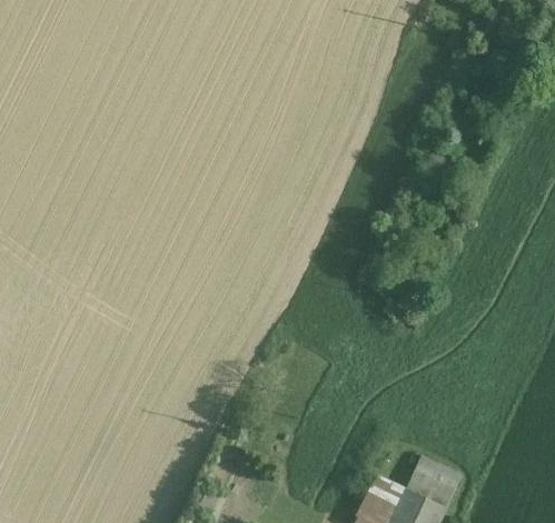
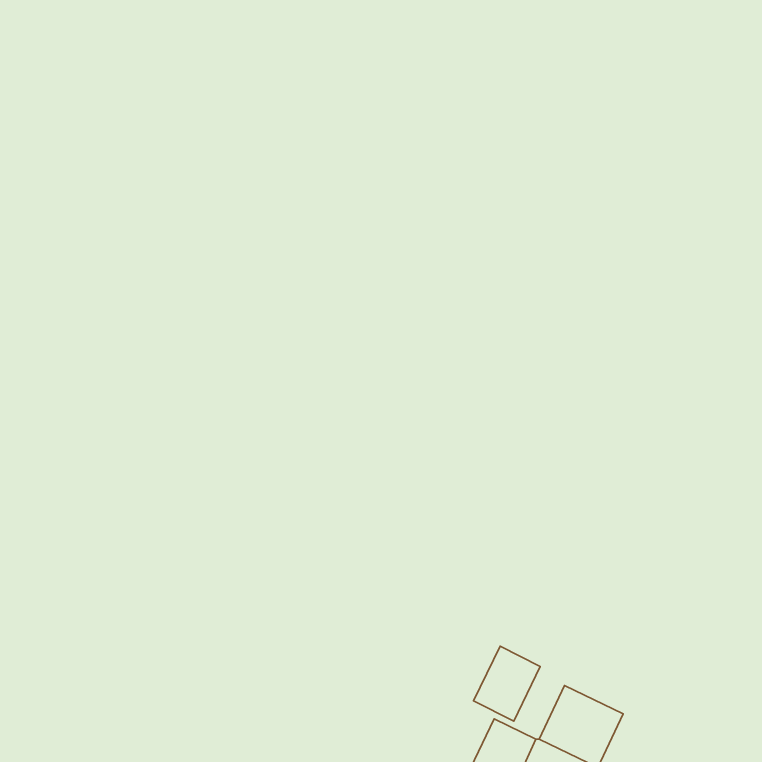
building: none -> [474,646,540,721]

